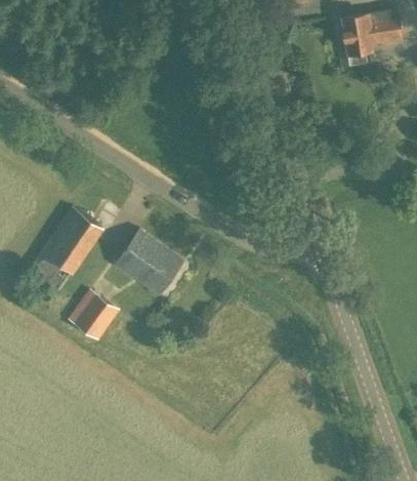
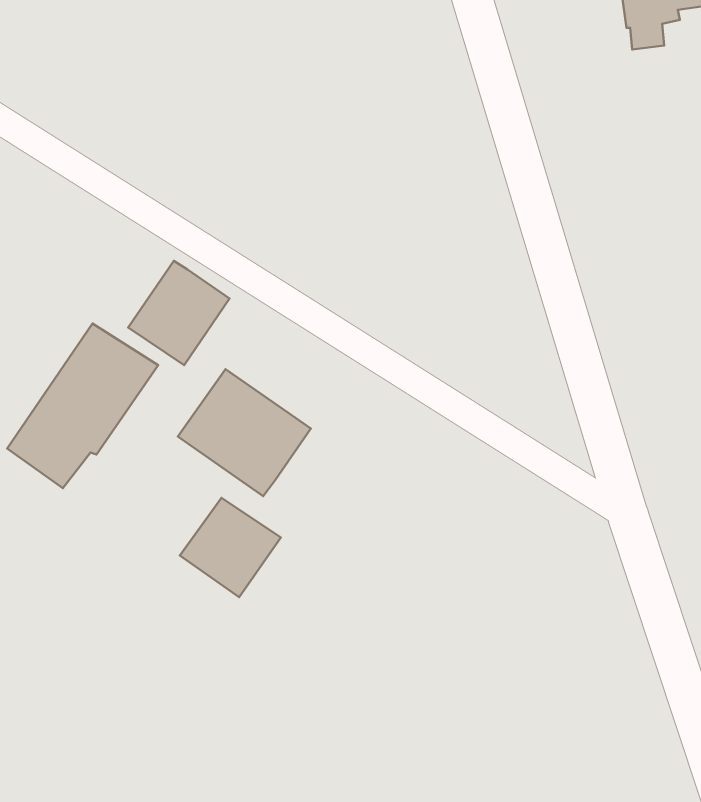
building: none -> [128,261,230,365]
building: [68,289,120,340] -> [180,498,281,597]

